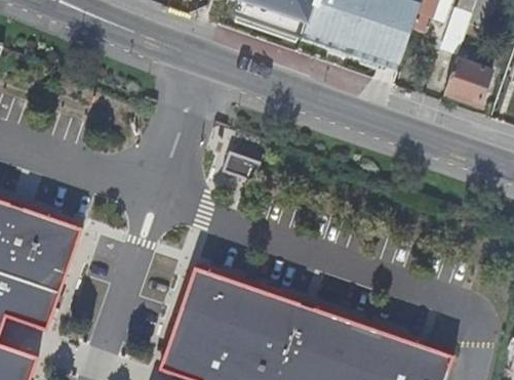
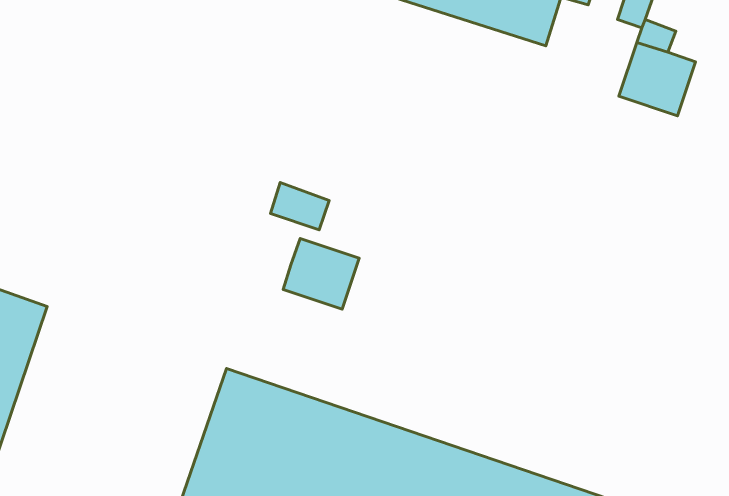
building: none -> [283,238,359,309]

